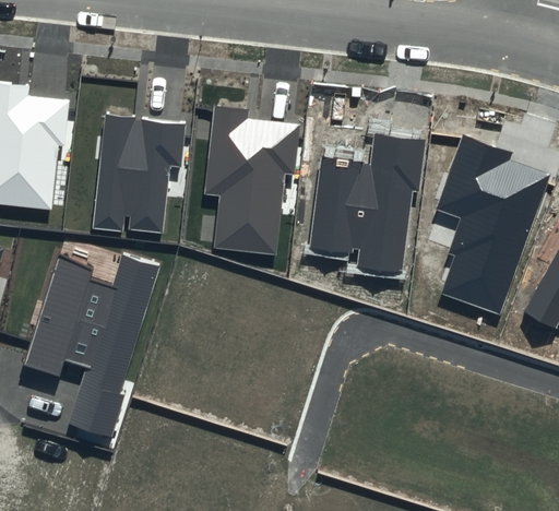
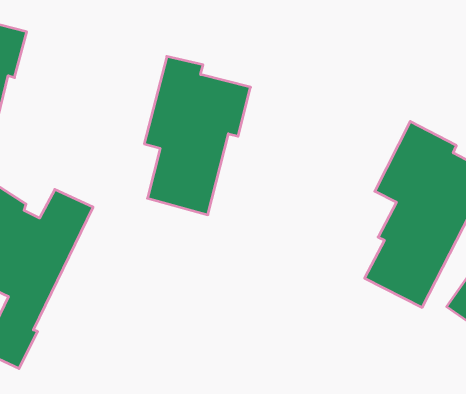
building: [90,116,186,235] -> none
building: [310,133,426,274] -> none

